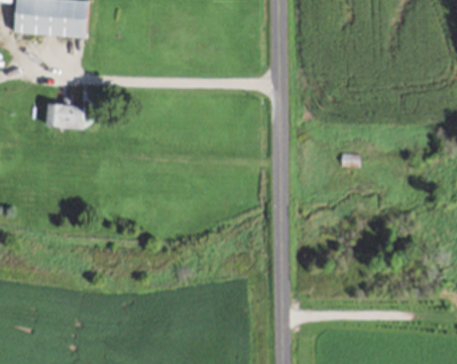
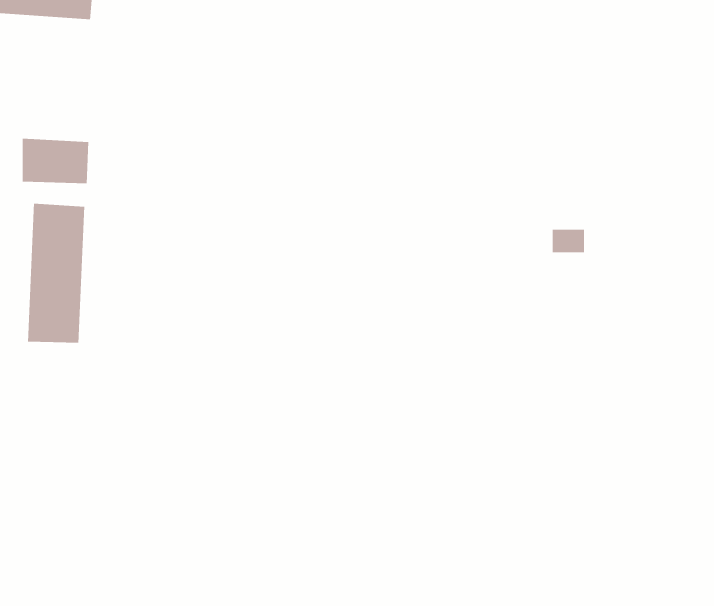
building: none -> [27,203,85,344]

